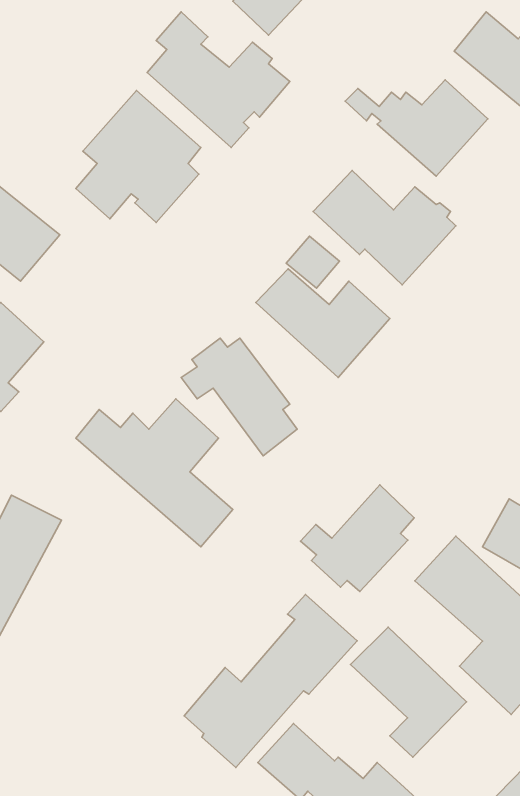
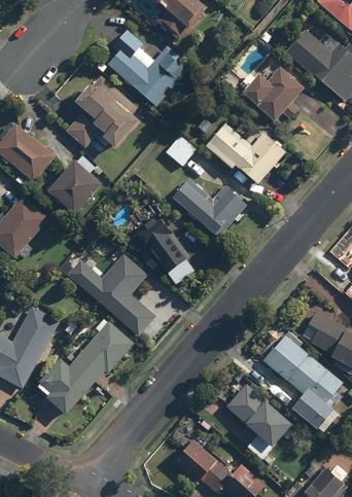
building: none -> [45,155,101,218]
building: [286,236,340,288] -> [166,136,197,166]
building: [300,485,414,592] -> none
building: [184,594,357,767] -> [35,316,135,416]

